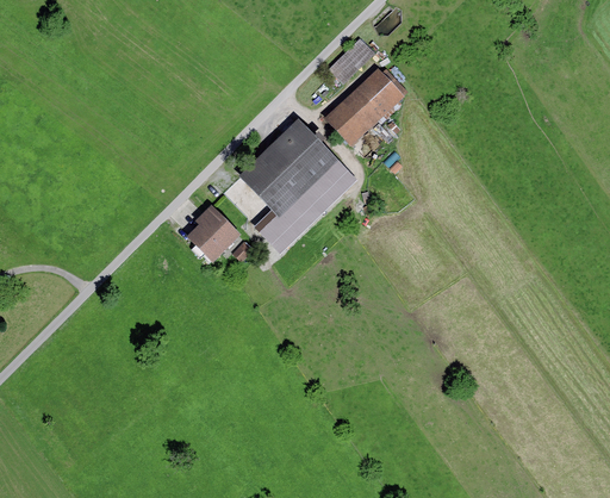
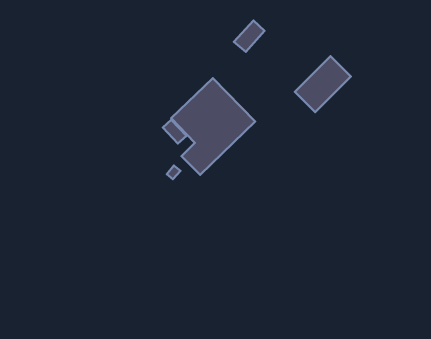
building: [322,67,400,145] -> [295,56,351,112]
building: [186,204,236,259] -> none

